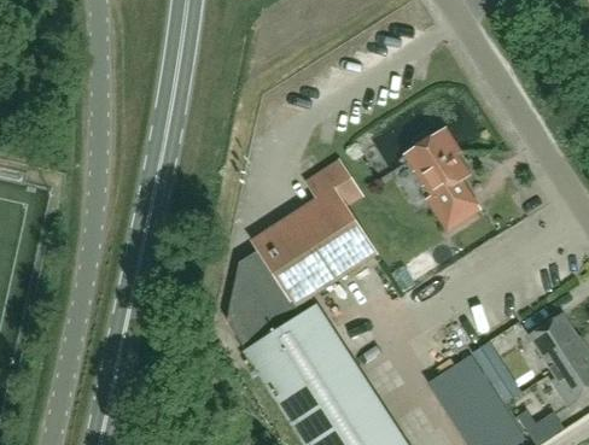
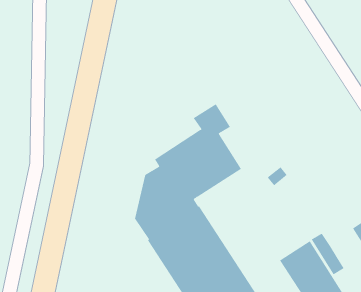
building: [408,131,479,229] -> none

